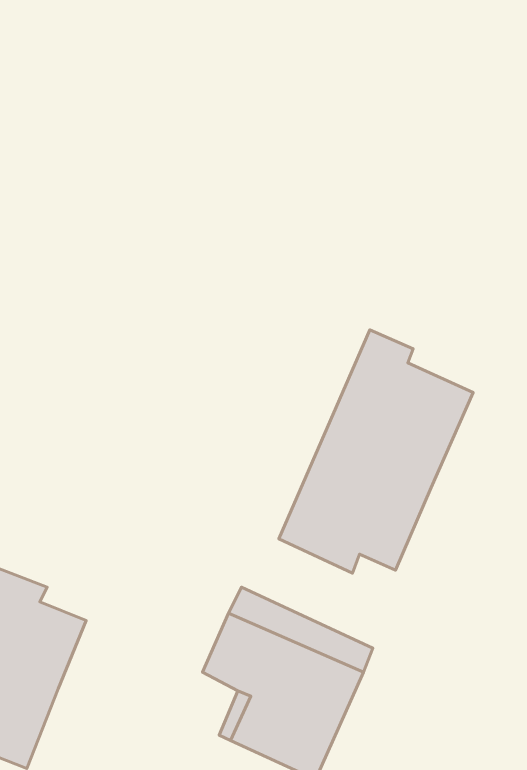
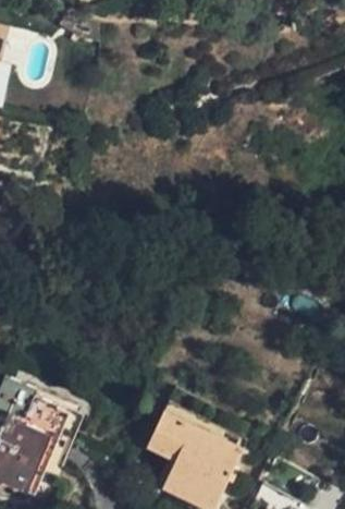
building: [279,330,473,573] -> none

